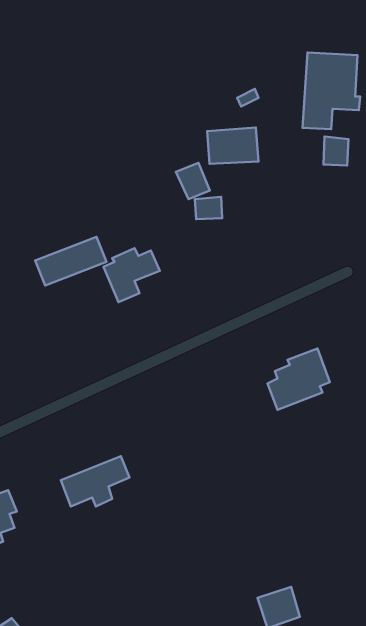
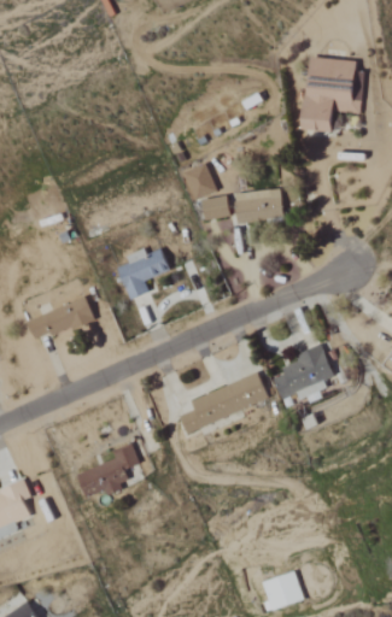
building: [207,128,258,164] -> [233,188,282,223]
building: [323,137,349,166] -> none
building: [35,237,107,286] -> [25,295,94,342]
building: none -> [179,372,268,431]

